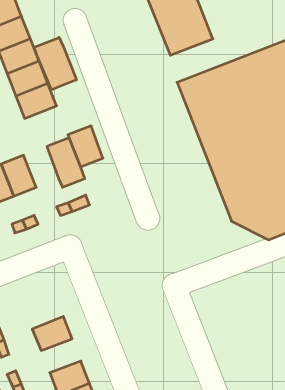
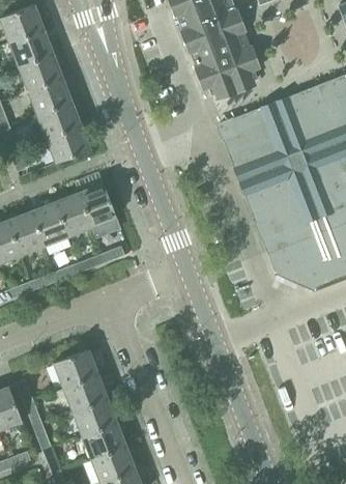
building: [34,37,76,90] -> none
building: [68,126,103,167] -> [55,193,92,236]
building: none -> [54,349,97,388]
building: none -> [74,398,116,434]

